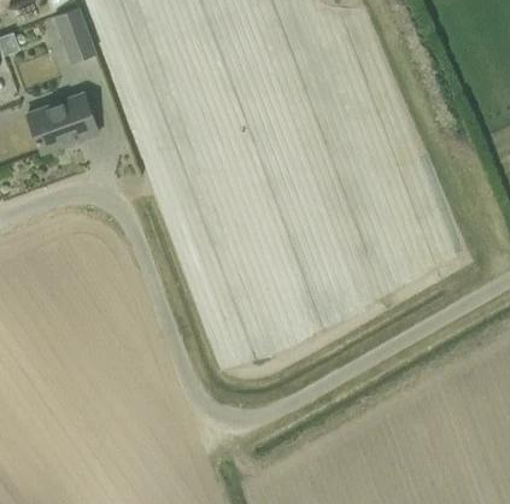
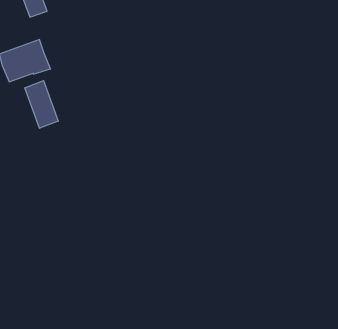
building: none -> [25,81,58,128]

